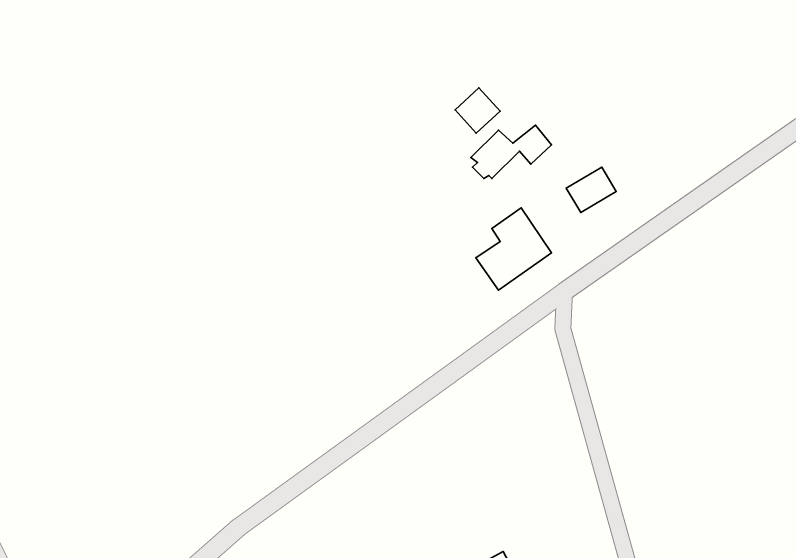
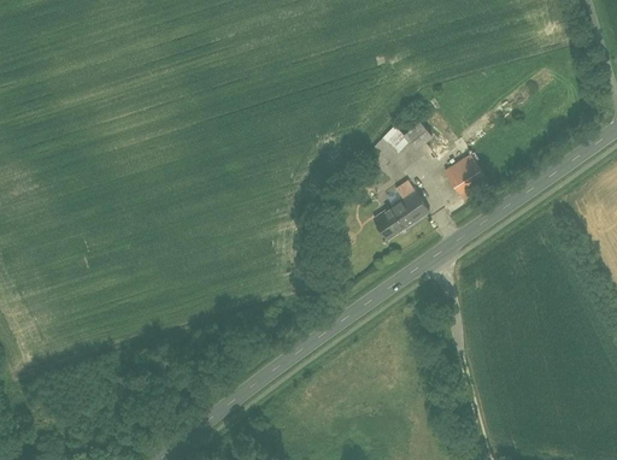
building: [455,88,500,133] -> none

